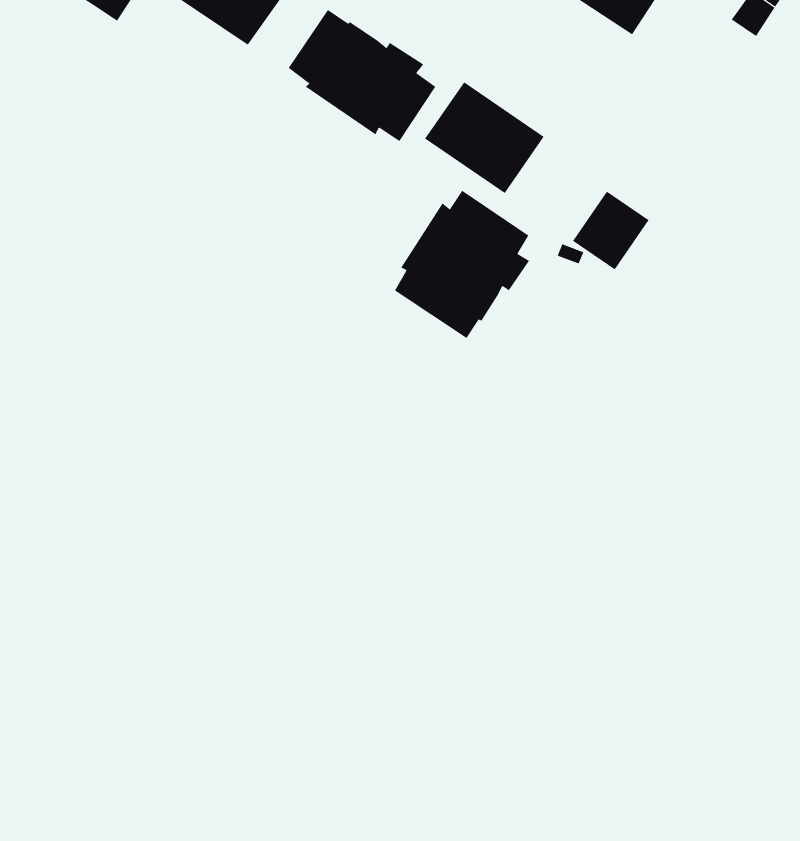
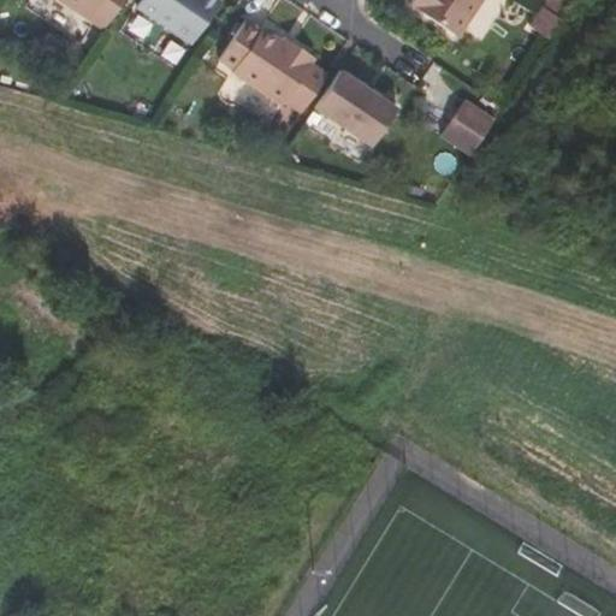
building: [394,190,530,339] -> none
building: [572,191,650,270] -> [439,96,493,152]

